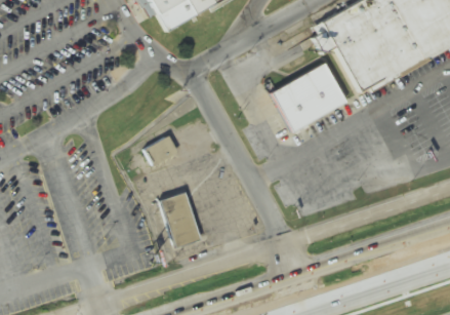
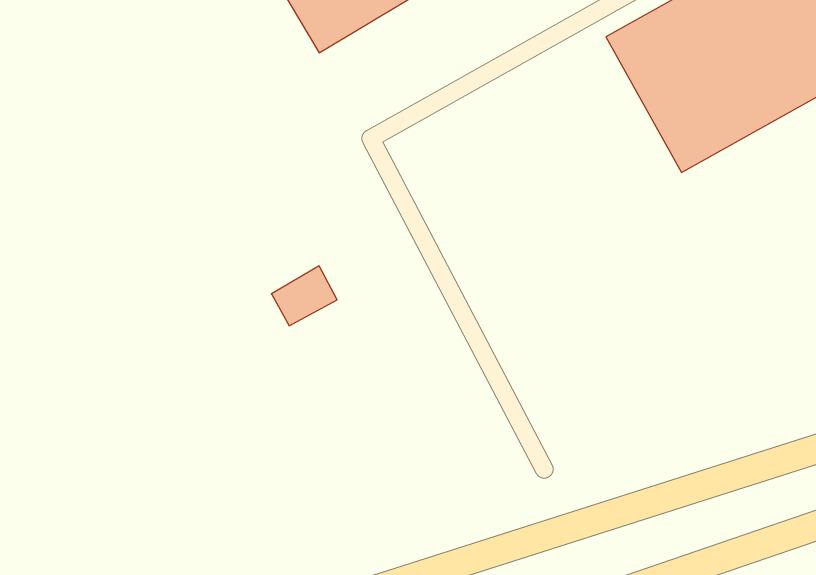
building: [263,65,336,131] -> none
building: [163,195,204,250] -> none

